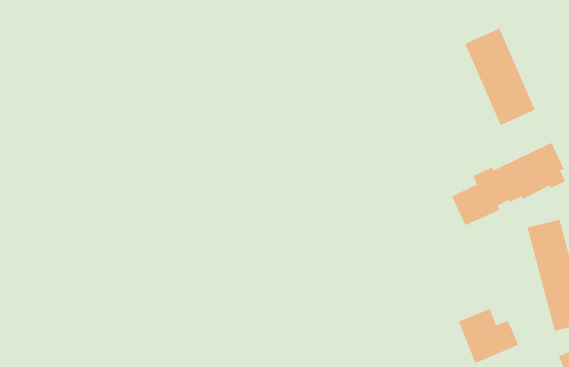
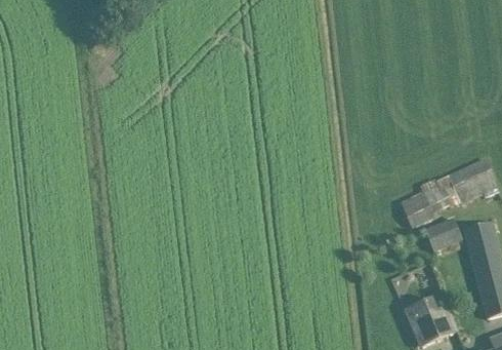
building: [464,28,536,126] -> none
building: none -> [424,216,464,251]

